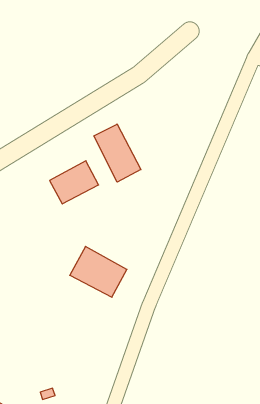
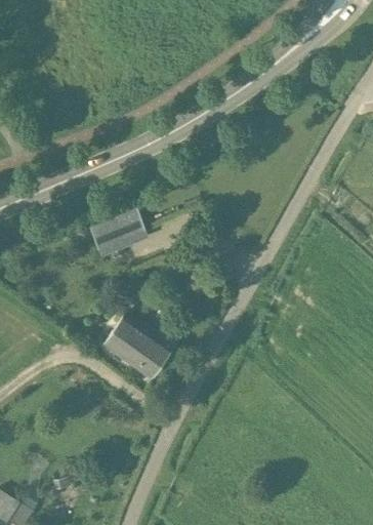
building: [94,124,141,182] -> none

